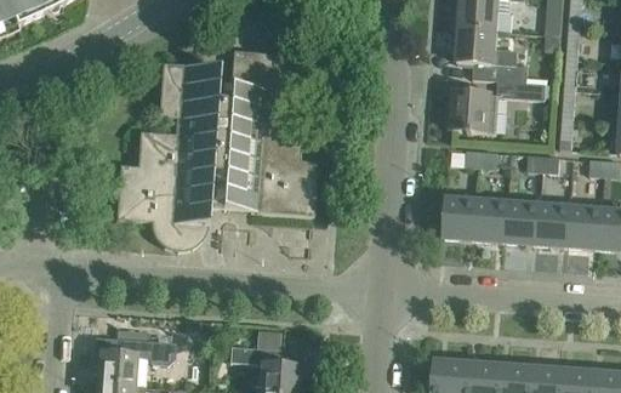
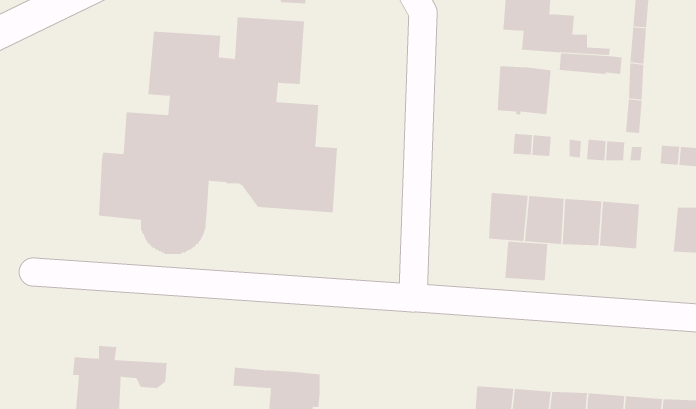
building: [568,209,602,249] -> none
building: none -> [505,241,548,281]

